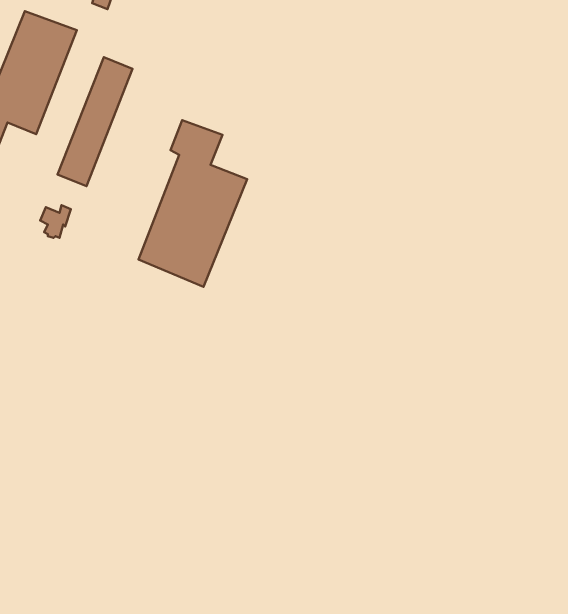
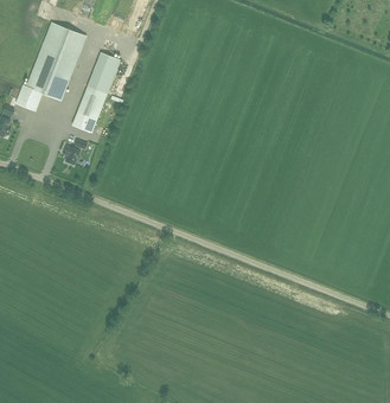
building: [139,120,247,287] -> none

